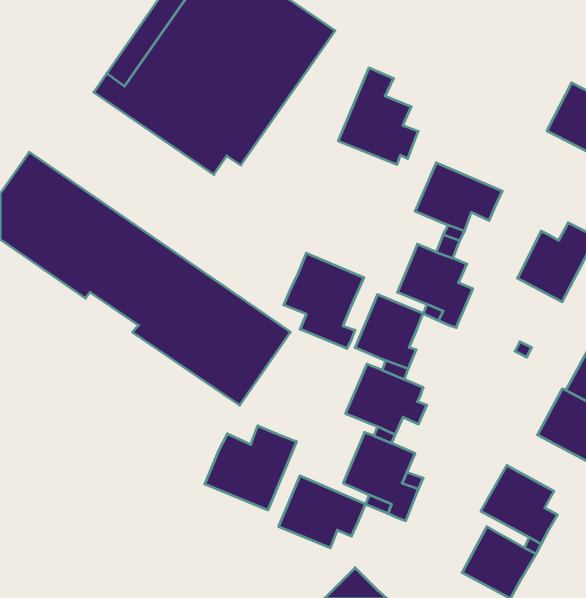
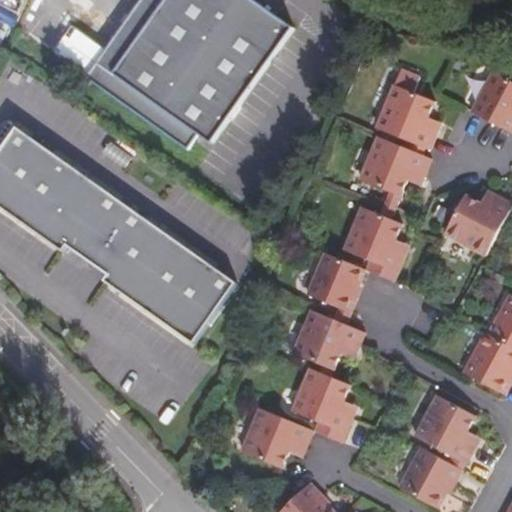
building: [338,68,418,164] -> [372,68,440,150]
building: [284,253,364,349] -> none
building: [205,426,296,510] -> none

